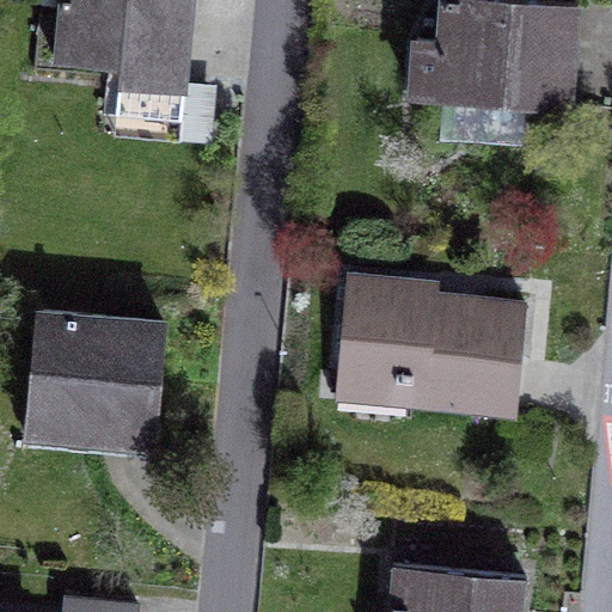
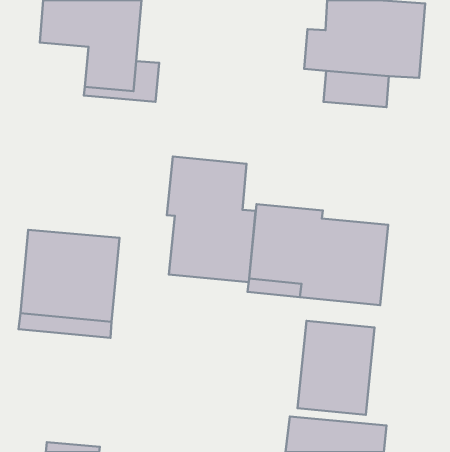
building: none -> [167,156,256,282]
building: none -> [297,321,374,415]

